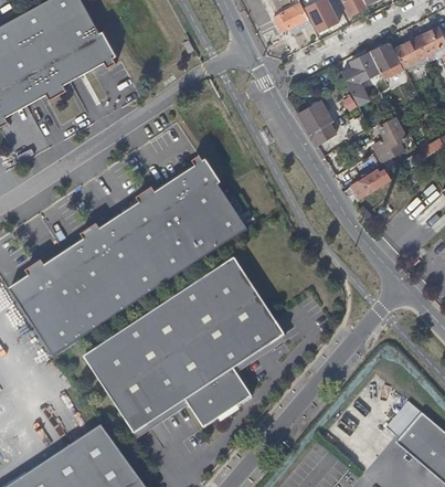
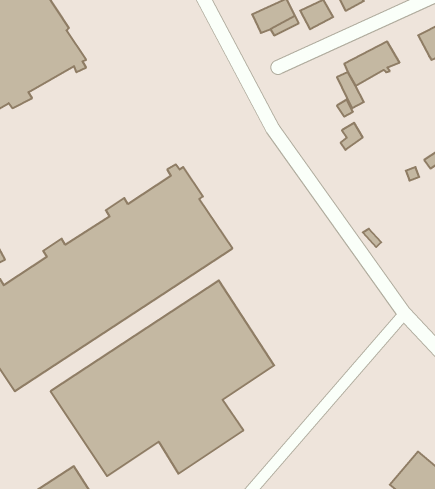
building: [394,36,425,66] -> none
building: [297,100,335,144] -> none
building: [373,112,404,159] -> none
building: [350,171,392,198] -> none

